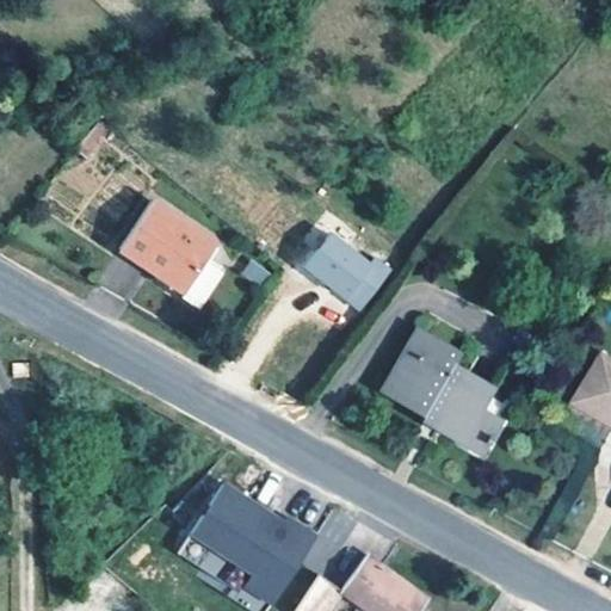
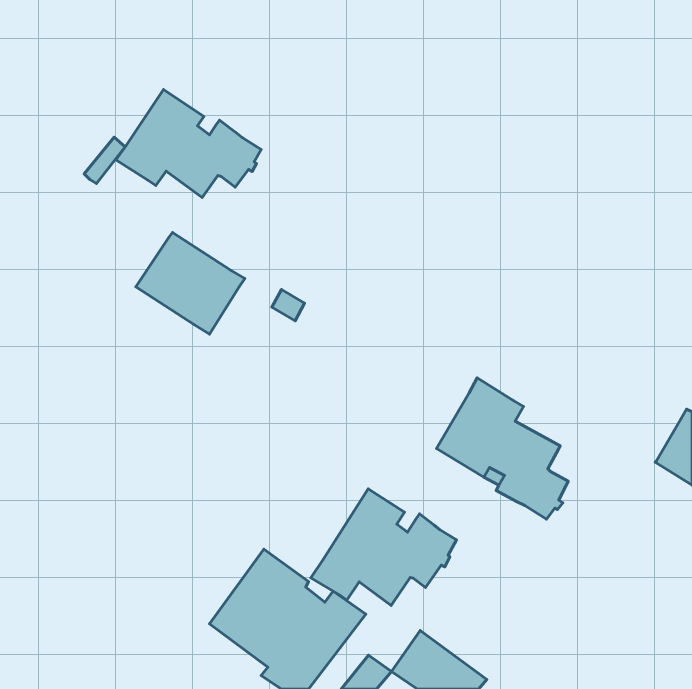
building: none -> [116,90,261,198]
building: [286,216,387,307] -> none
building: none -> [311,489,456,606]

